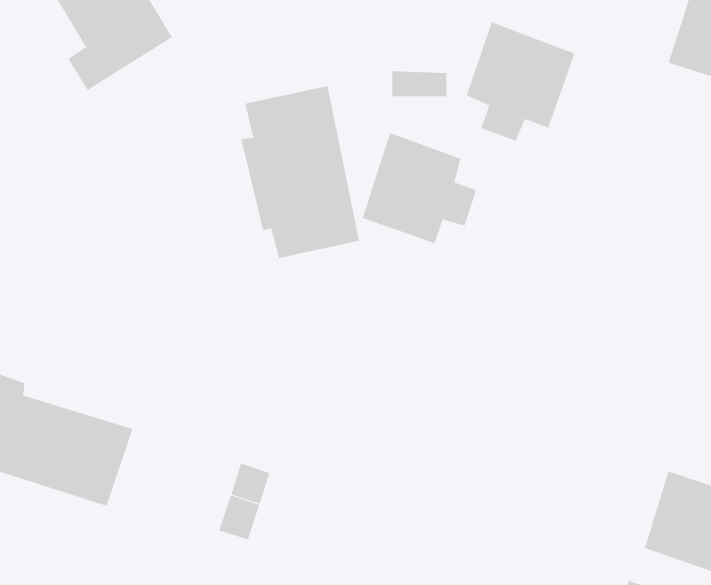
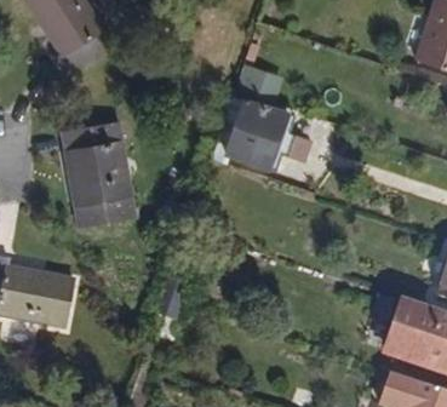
building: [466,21,575,141] -> none
building: [241,86,360,259] -> [58,121,131,227]

